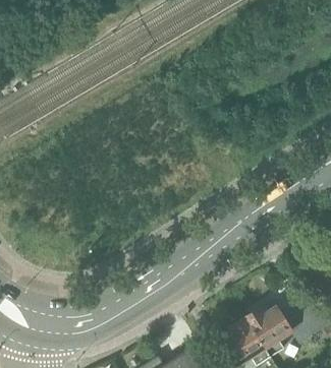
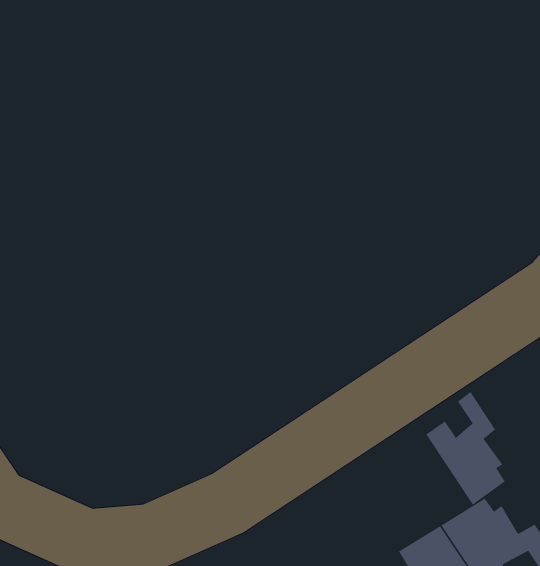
building: none -> [425,391,506,505]

